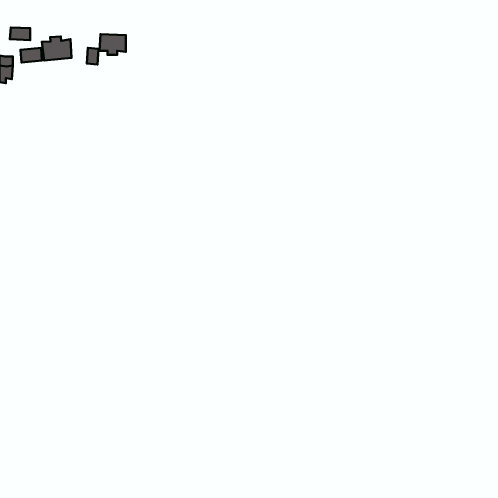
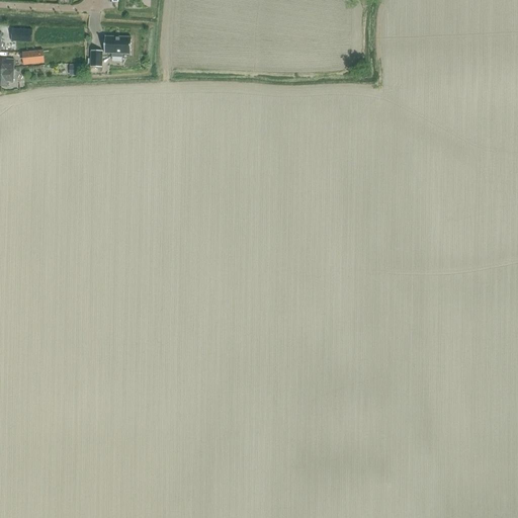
building: [42,36,72,61] -> none

